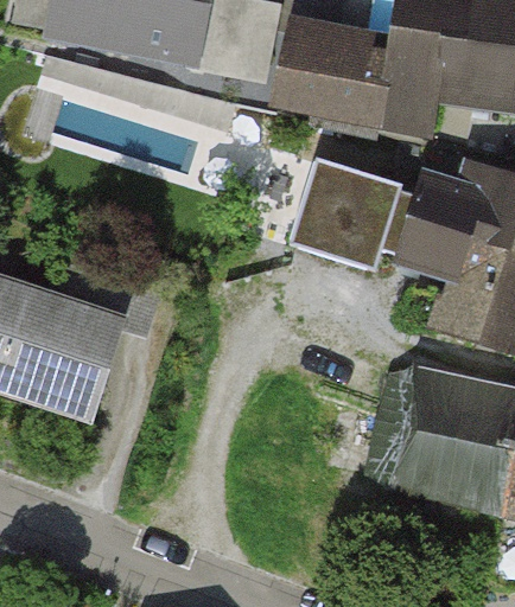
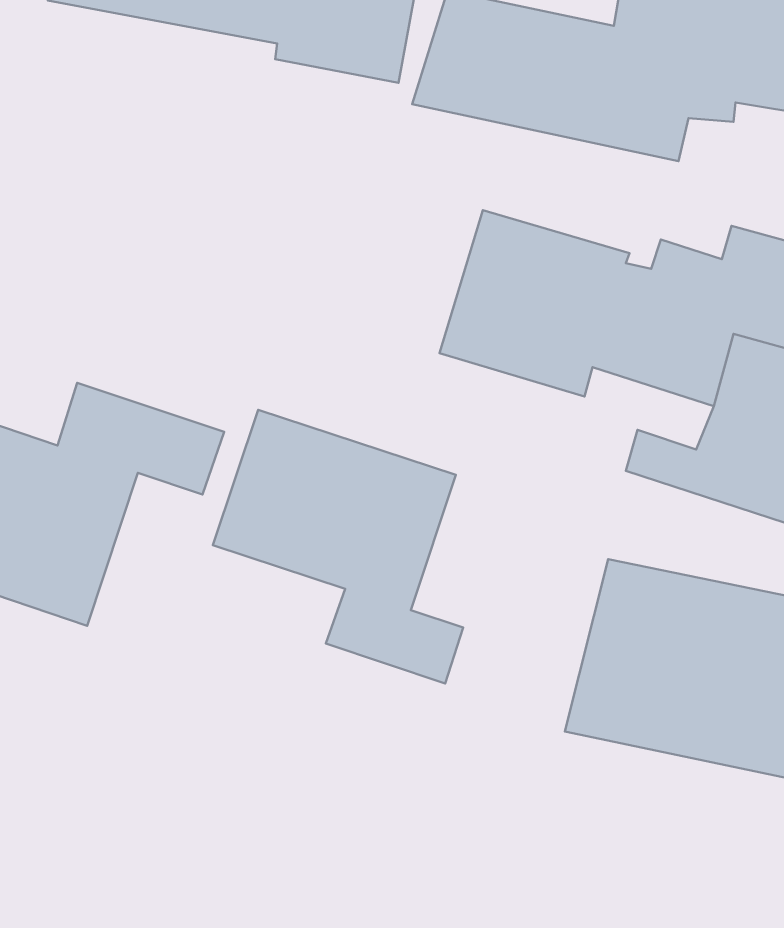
building: none -> [213,410,463,683]

